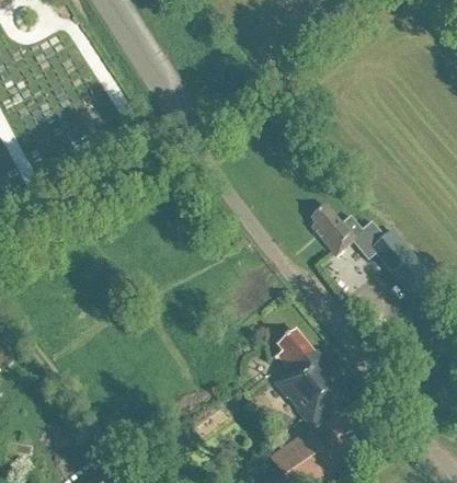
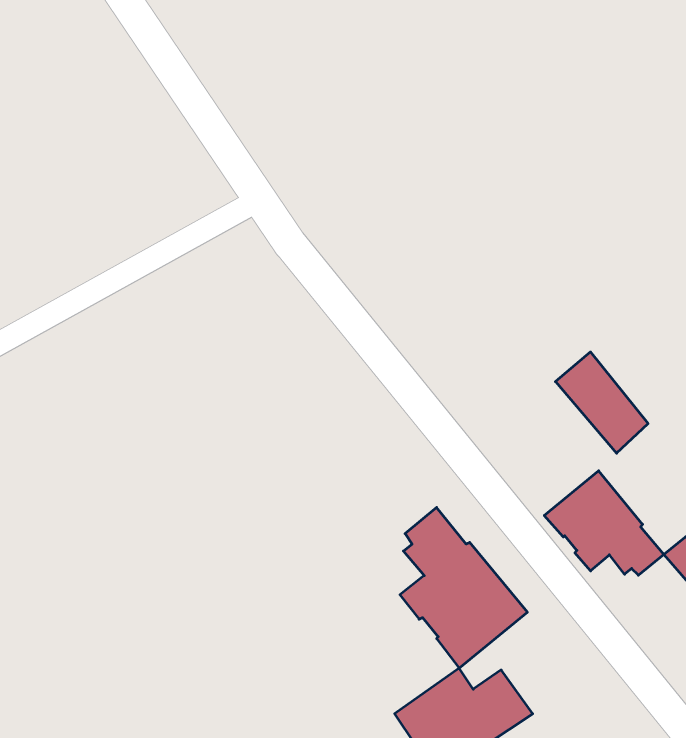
building: [309,204,357,253] -> none
building: none -> [544,471,664,575]

